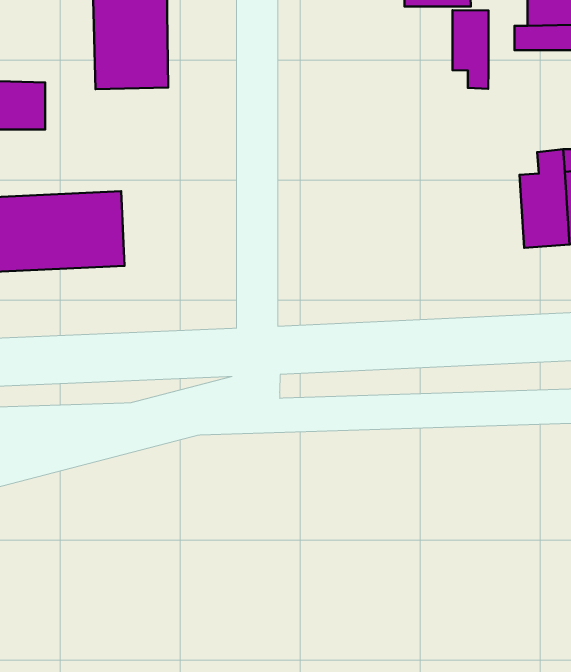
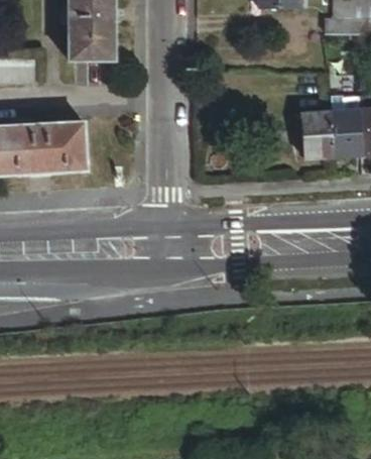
building: [452,10,488,89] -> none
building: none -> [301,112,334,159]

